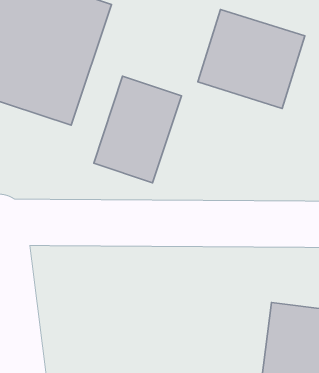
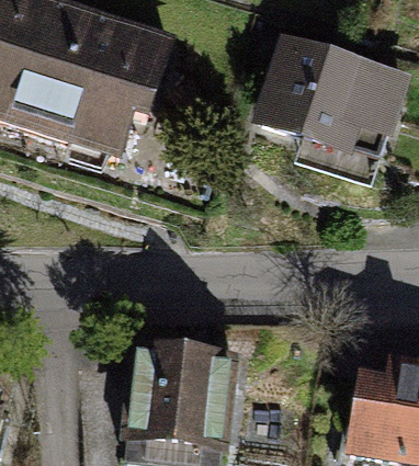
building: [94,76,181,183] -> none
building: none -> [127,330,235,435]

